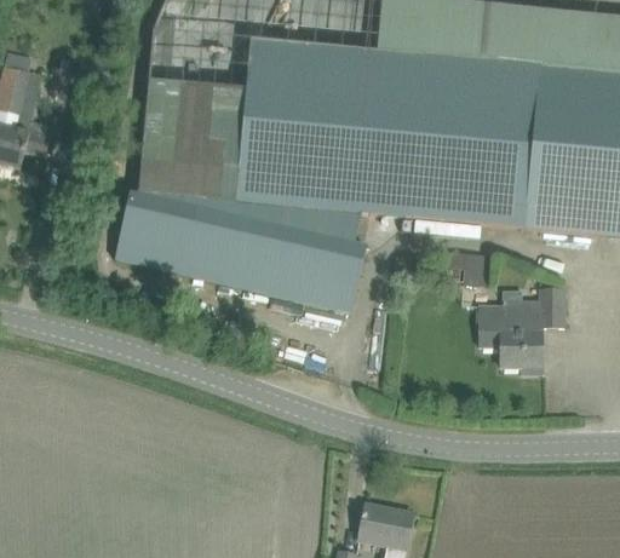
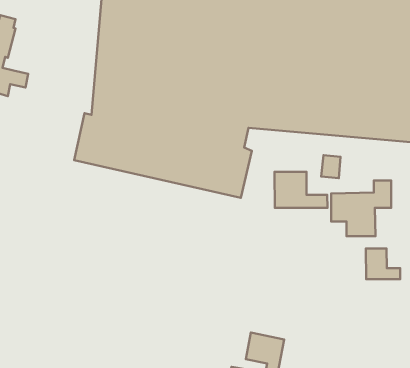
building: none -> [275,172,327,208]
building: none -> [366,248,400,279]

